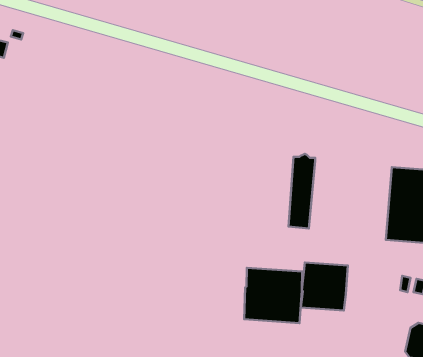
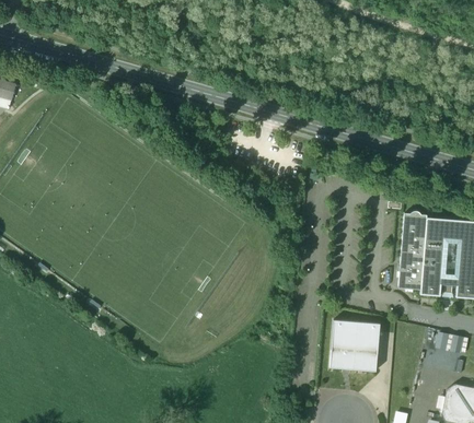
building: [288,154,315,228] -> [398,210,427,290]
building: [244,268,302,323] -> none

